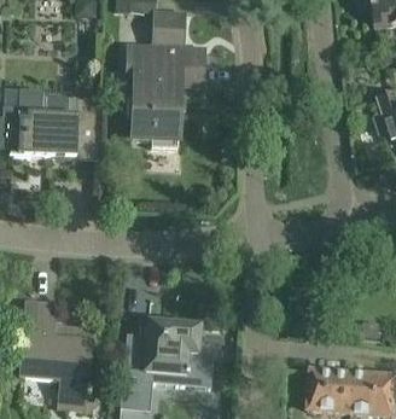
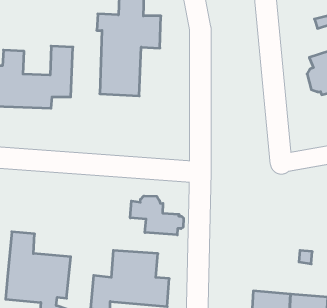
building: none -> [130,196,184,235]

